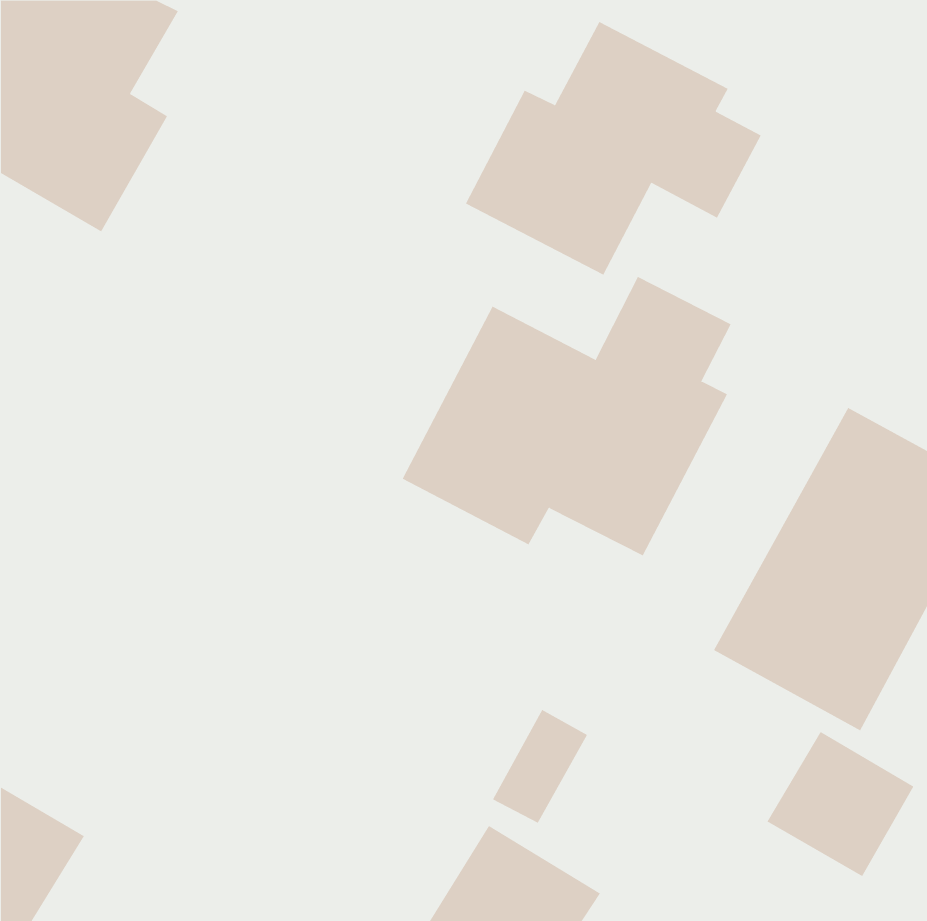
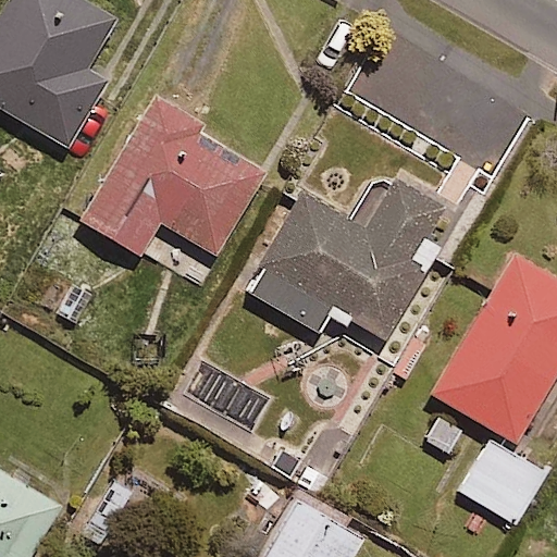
building: [465,21,762,276] -> none
building: none -> [78,95,264,257]

